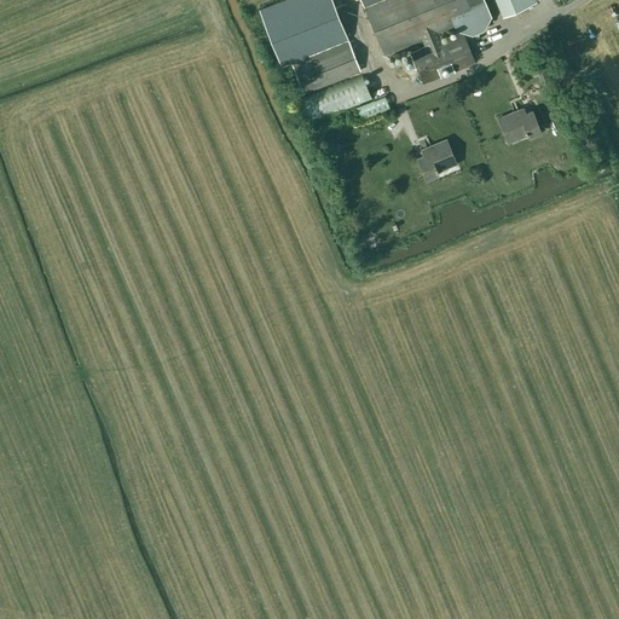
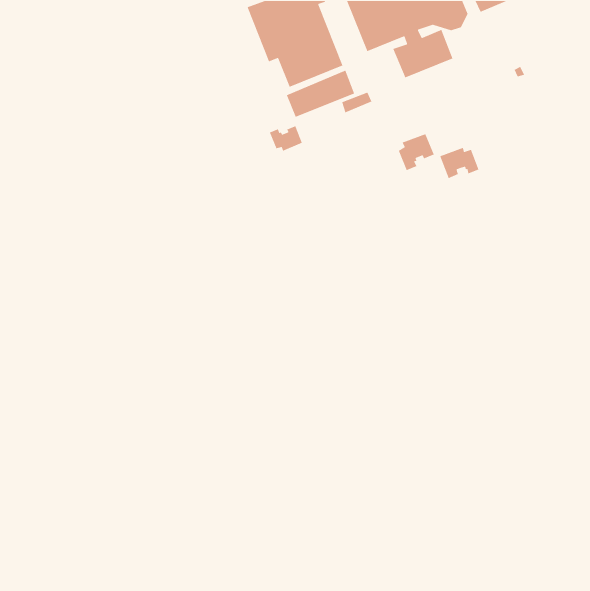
building: [498,108,540,141] -> [439,147,480,179]
building: none -> [269,125,303,152]

